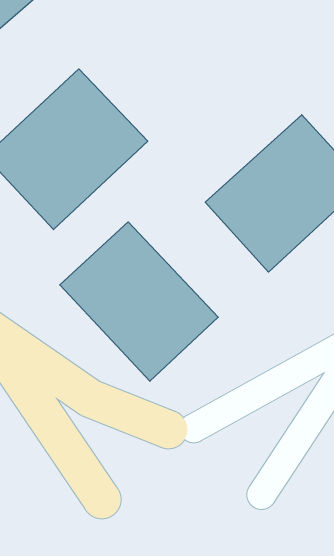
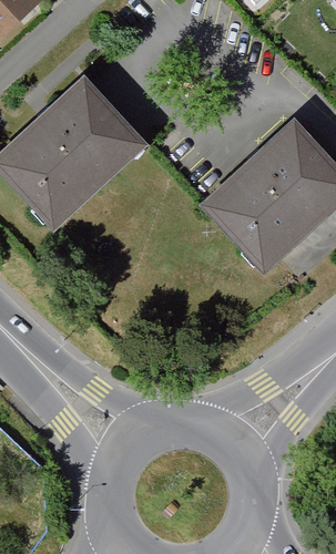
building: [60,222,218,381] -> none

